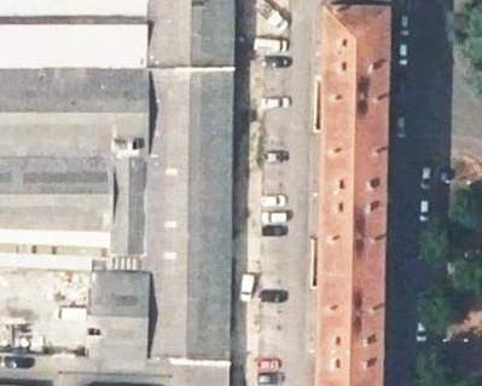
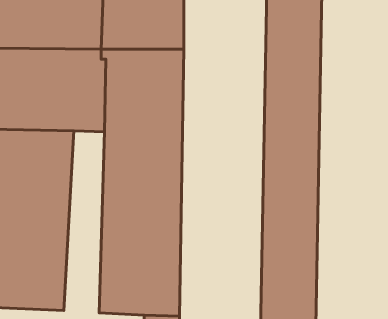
building: [101,157,146,357] -> none

